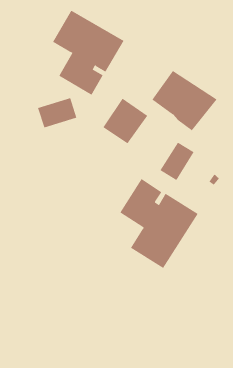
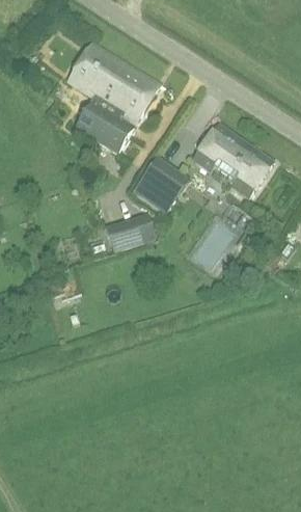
building: [37,97,77,128] -> [104,212,155,251]
building: [120,178,199,269] -> none

